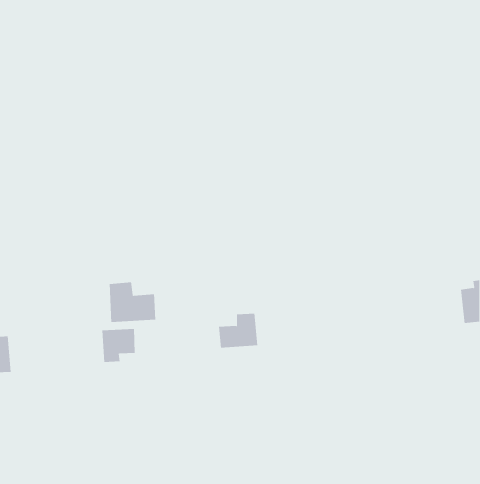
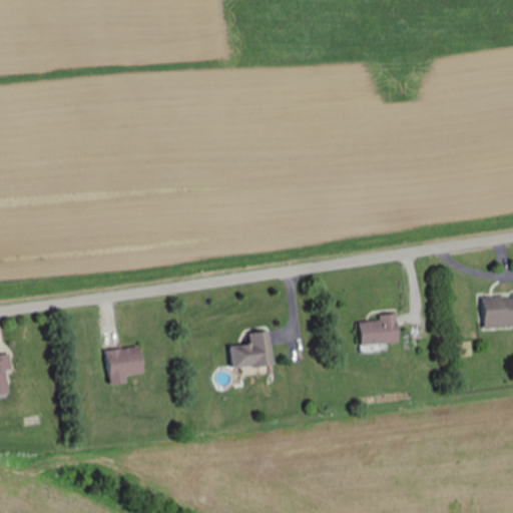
building: [109,282,156,323] -> none
building: none -> [357,317,398,345]

